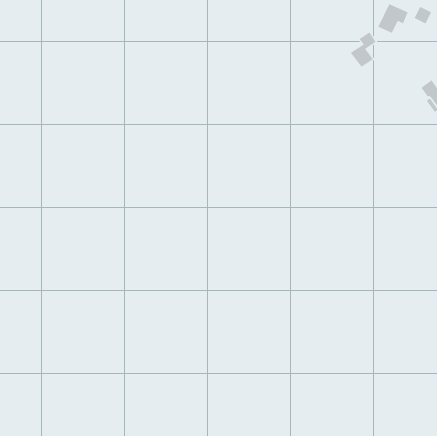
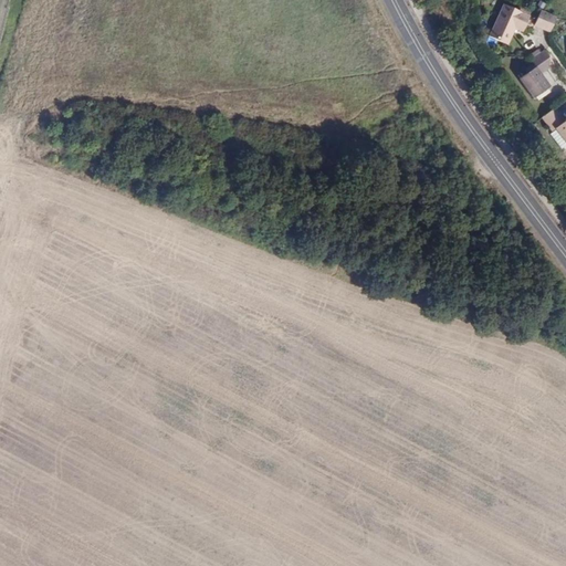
building: [350,31,377,68] -> [520,49,554,95]

